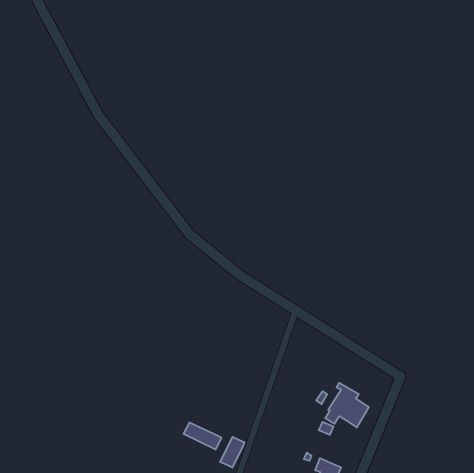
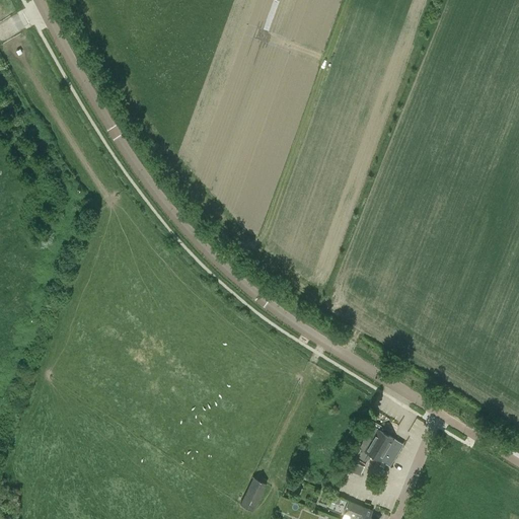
building: [184,422,221,449] -> none

